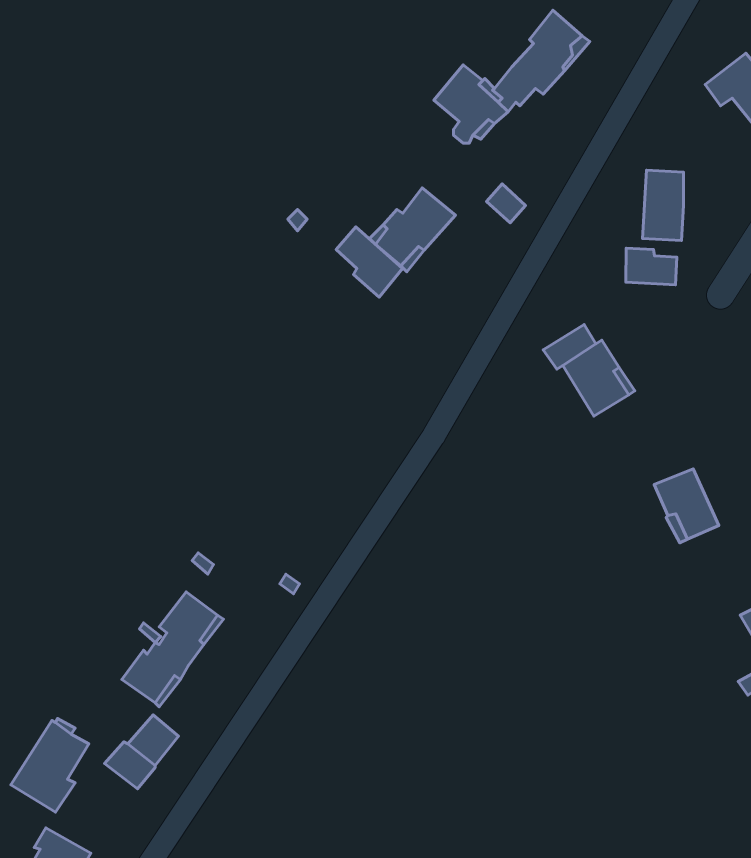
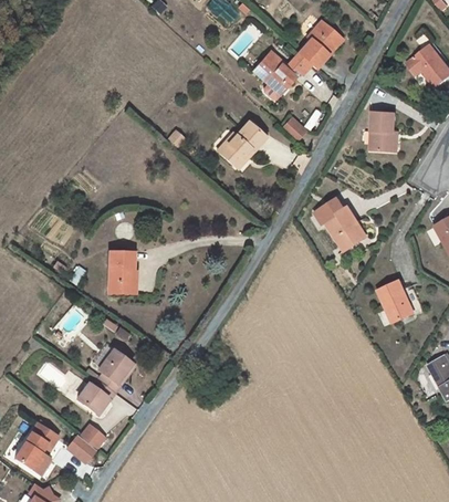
building: [336,227,402,297] -> none
building: [626,248,677,285] -> none
building: none -> [108,253,133,293]

